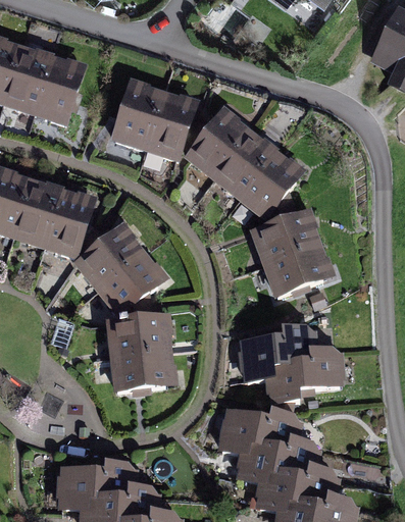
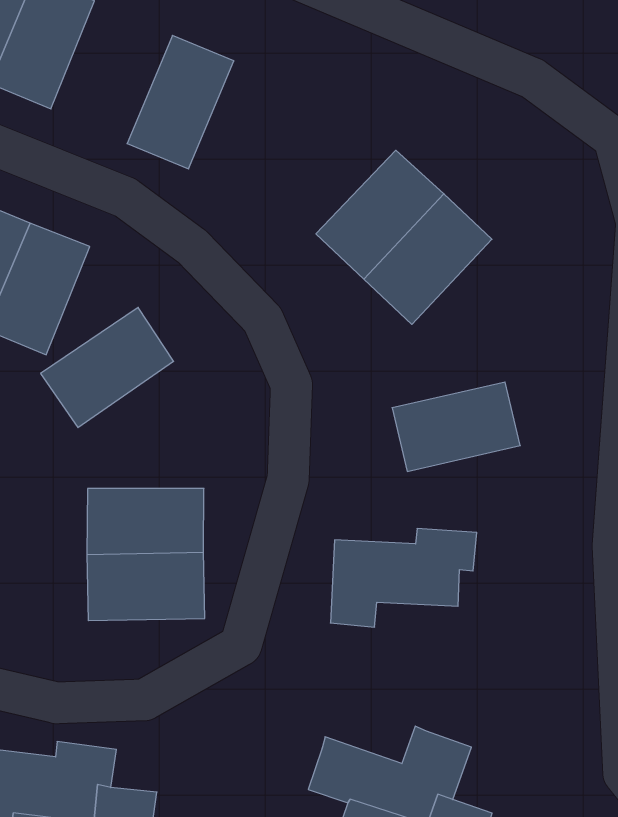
building: [143,92,194,161] -> none
building: [186,109,251,178] -> none
building: [251,213,320,266] -> none
building: [98,253,167,319] -> none
building: [264,347,339,399] -> none
building: [219,406,302,453] -> none

